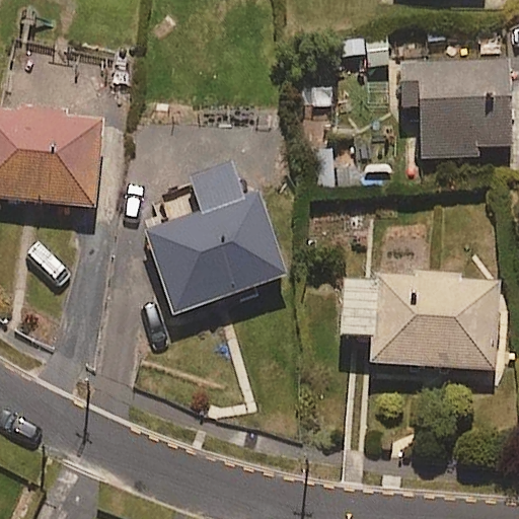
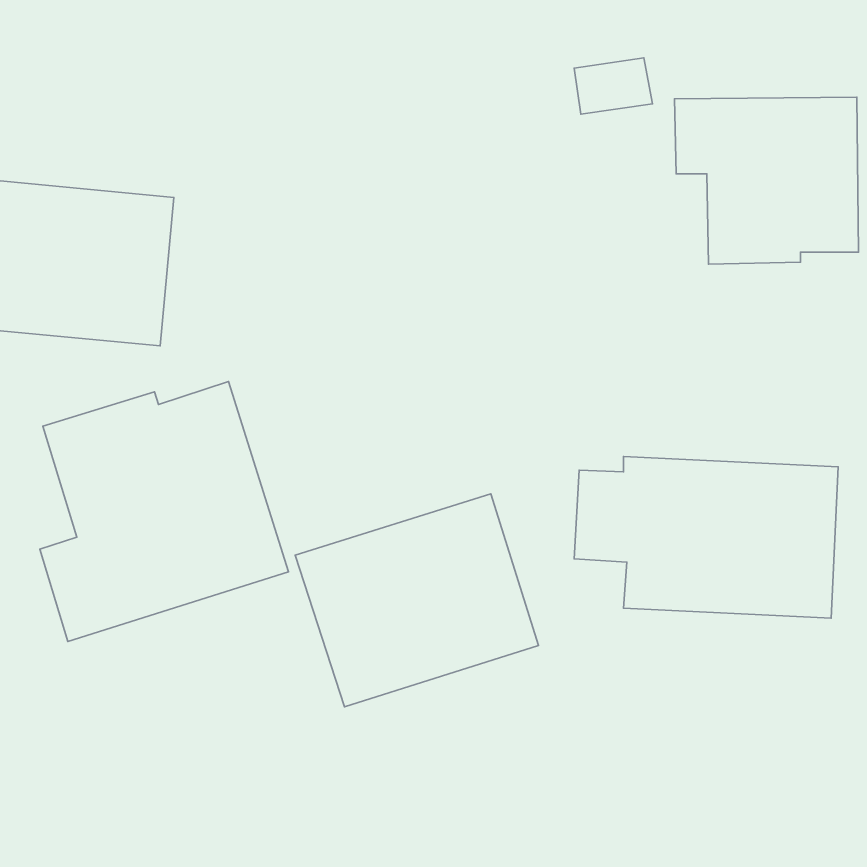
building: [142,187,287,313] -> [295,494,539,707]
building: none -> [40,382,288,642]

